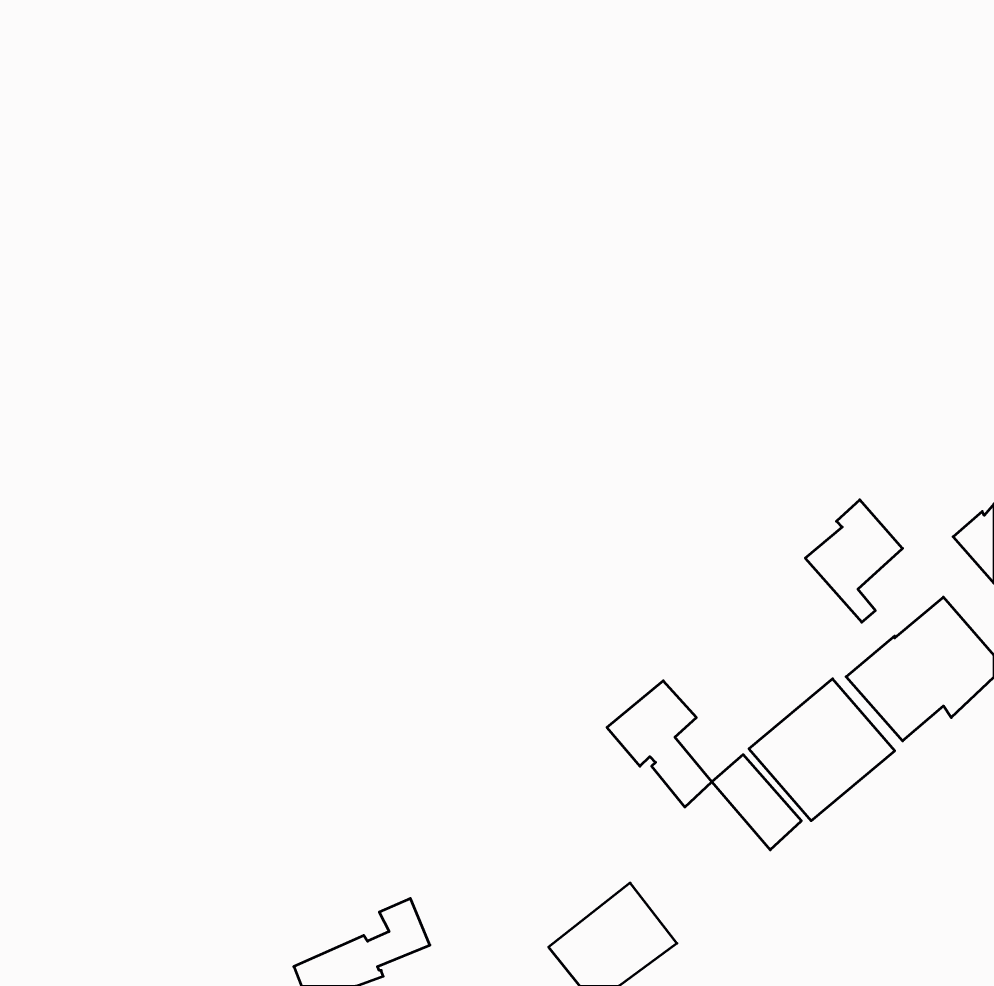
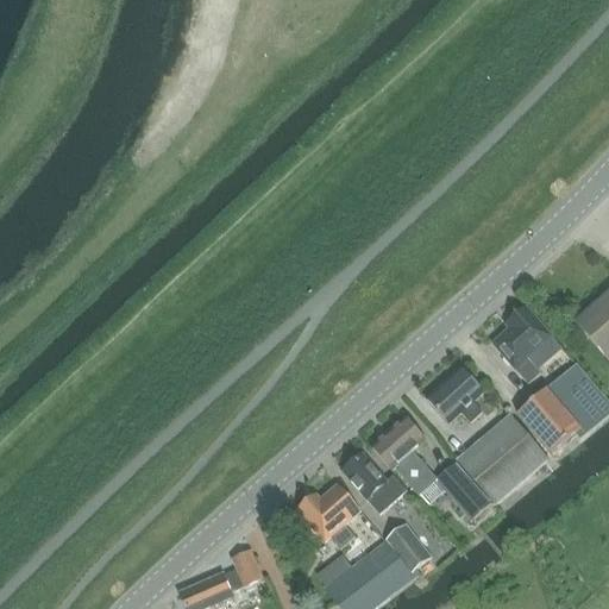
building: none -> [426,366,483,421]
building: none -> [343,453,406,511]
building: none -> [297,483,362,548]
building: none -> [385,523,431,572]

